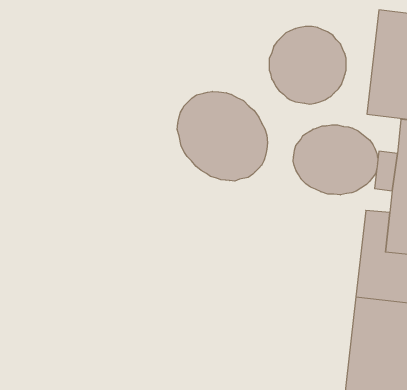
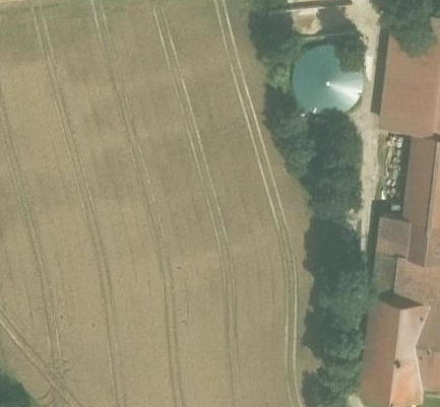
building: [177,91,267,181] -> none
building: [293,125,378,195] -> none

